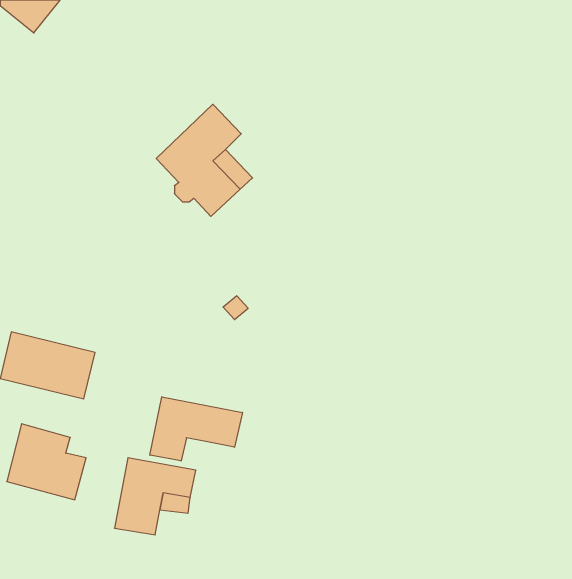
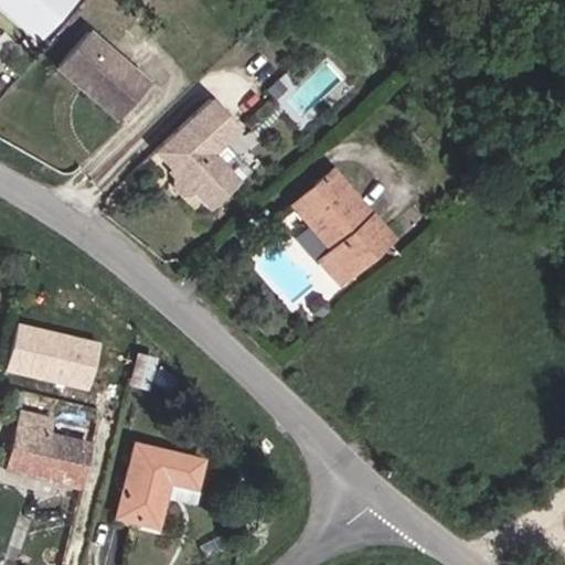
building: none -> [58,35,147,120]
building: none -> [298,175,398,288]
building: [150,397,242,461] -> none

